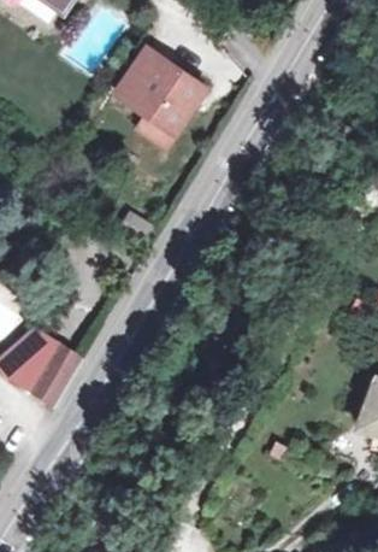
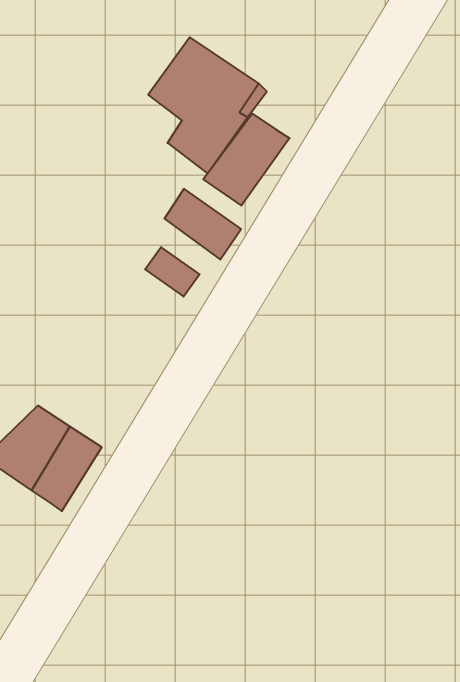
building: none -> [203,114,290,206]
building: none -> [165,189,241,260]

